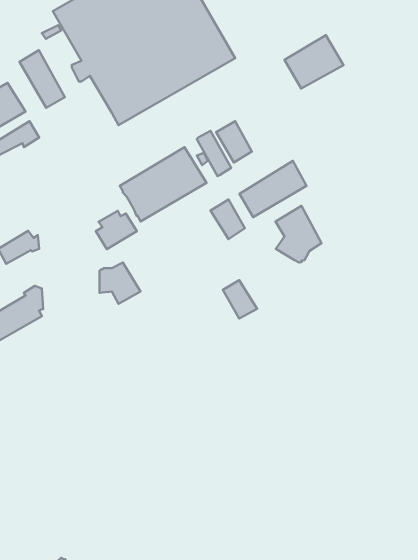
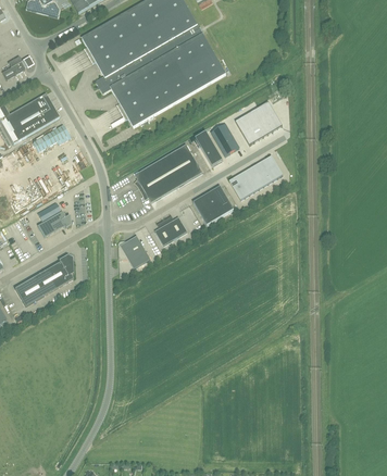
building: [285,35,344,89] -> [236,101,283,143]
building: [20,50,65,108] -> none
building: [275,206,322,263] -> none
building: [96,211,137,249] -> [154,214,187,245]
building: [223,280,257,319] -> [194,193,221,224]

